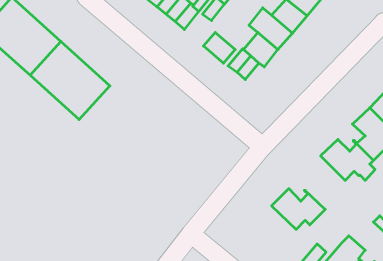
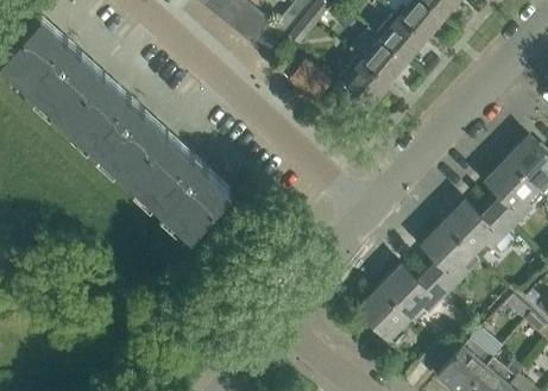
building: none -> [126,131,231,233]
building: none -> [421,222,474,305]
building: none -> [358,288,410,343]

